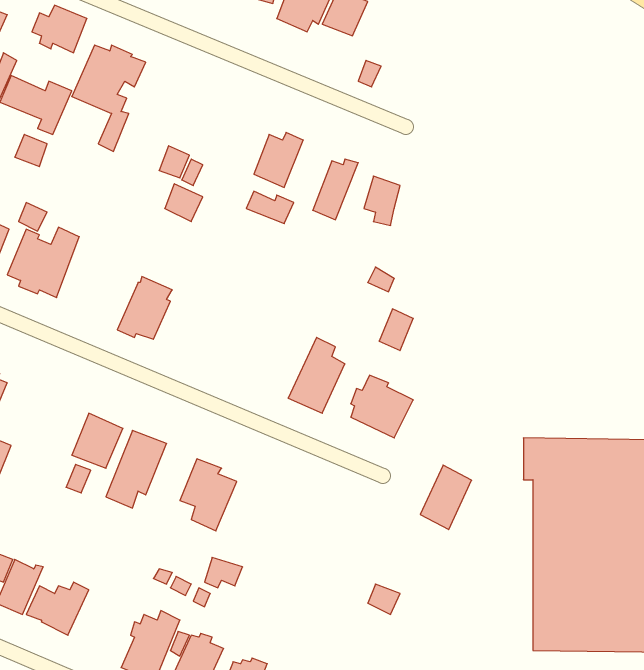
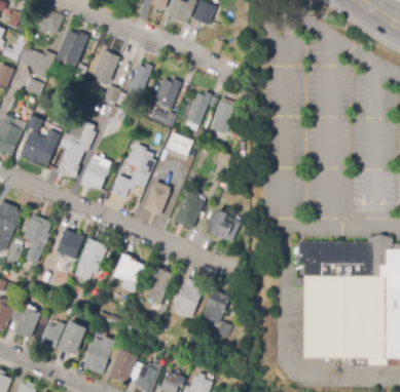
building: none -> [93,49,119,84]
building: none -> [126,63,152,95]
building: none -> [56,117,95,177]
building: none -> [166,131,192,156]
building: none -> [110,144,155,198]
building: none -> [142,181,170,215]
building: none -> [23,213,51,264]
building: [420,465,472,530] -> [202,288,229,323]
building: none -> [145,267,173,305]
building: none -> [171,277,205,318]
building: none -> [58,323,86,355]

